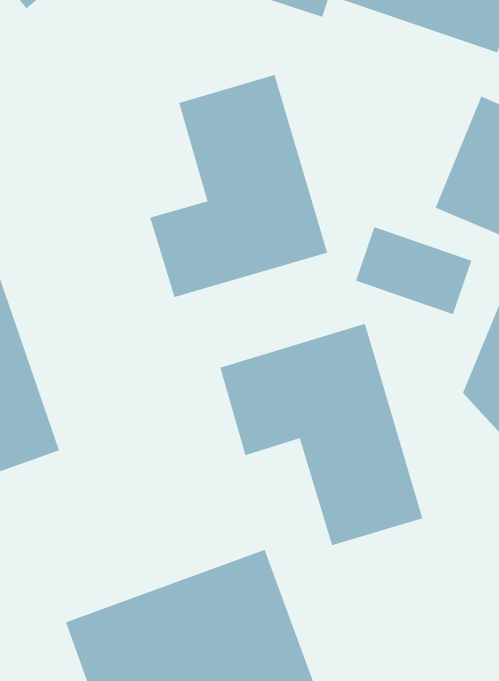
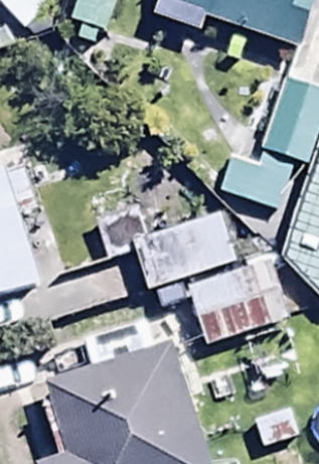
building: [150,74,328,298] -> none

